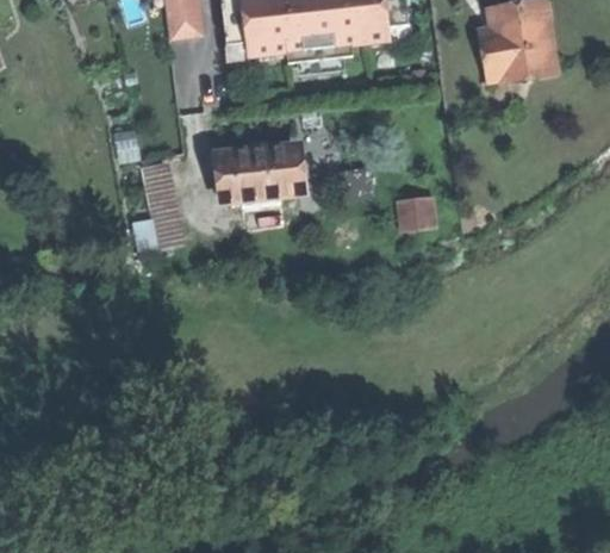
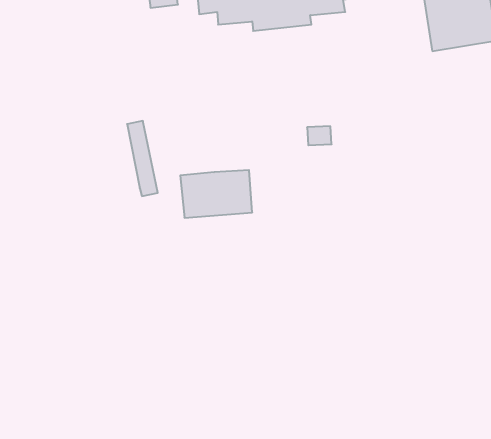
building: [216,145,297,199] -> [180,170,252,218]
building: [397,192,440,229] -> none

